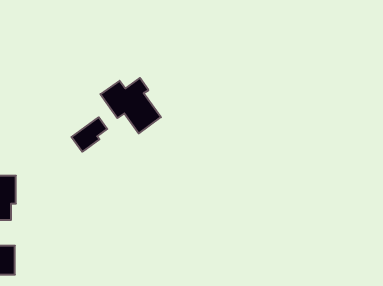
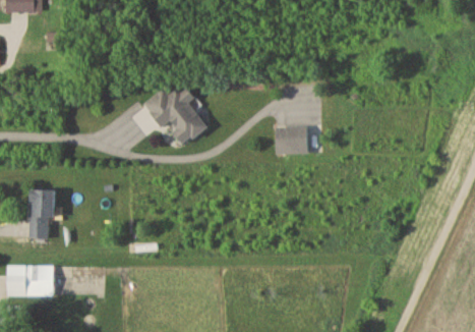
building: none -> [276,126,309,153]
building: [71,117,107,152] -> none

